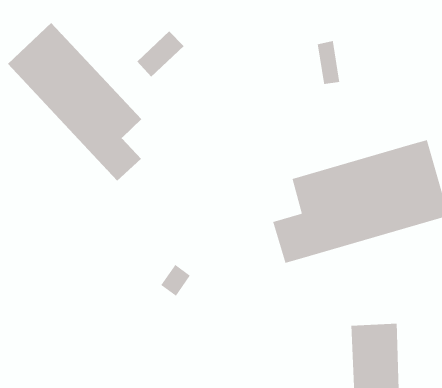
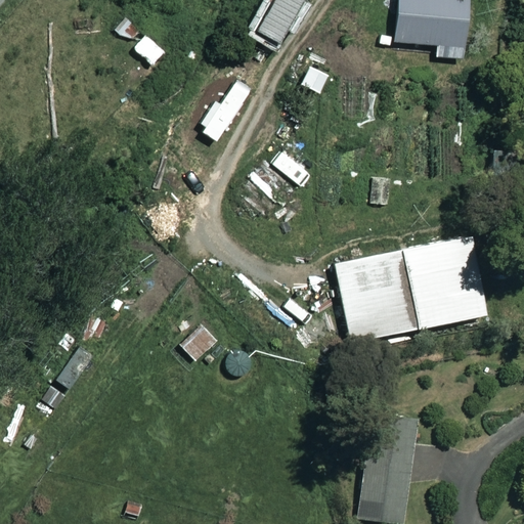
building: [7,22,142,181] -> none

